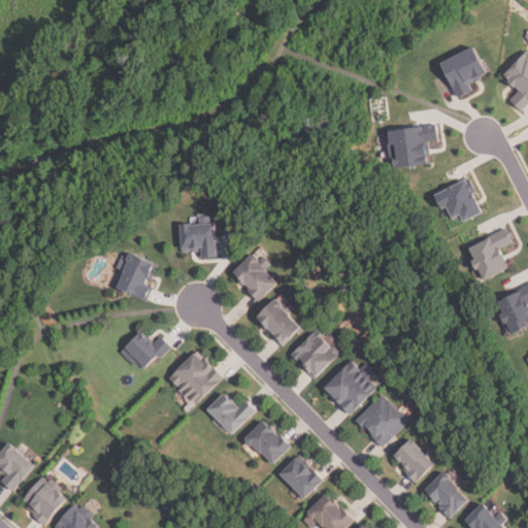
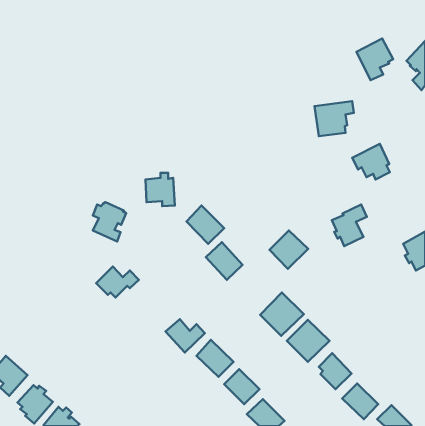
building: [468,228,512,279] -> [332,204,367,246]
building: [290,330,337,377] -> [270,231,308,269]
building: [167,352,220,404] -> none

